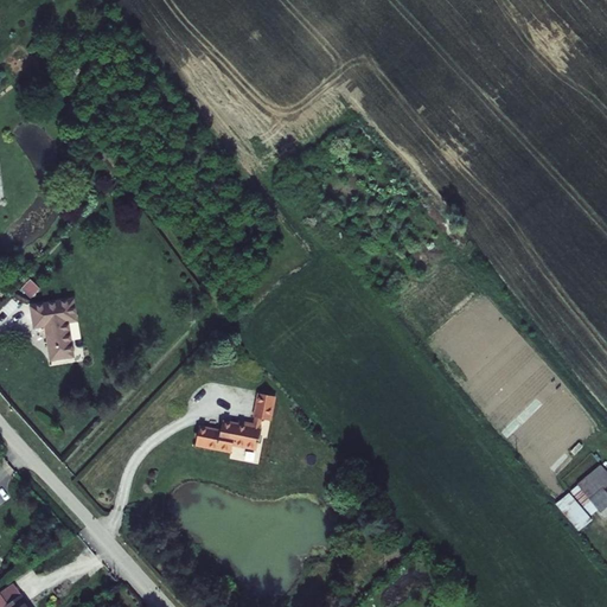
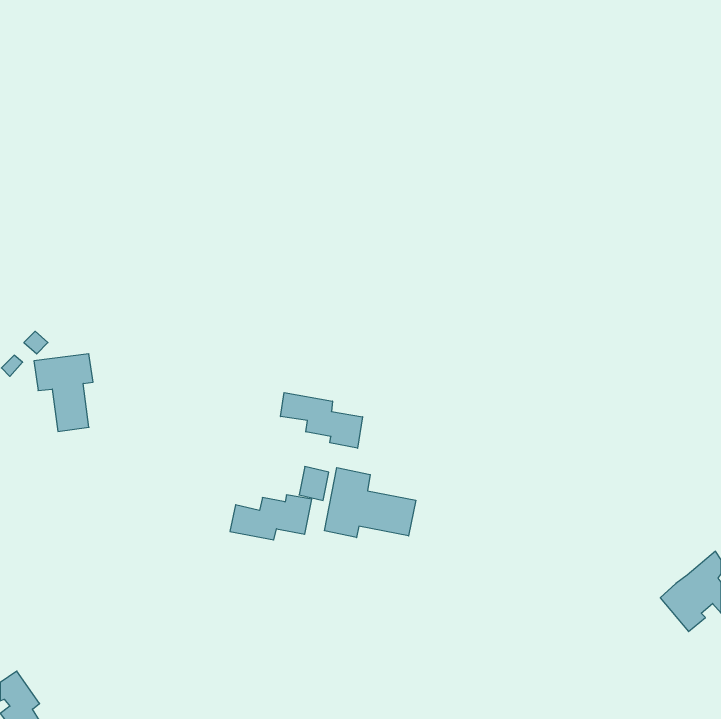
building: none -> [281,393,363,448]
building: none -> [325,468,416,538]

